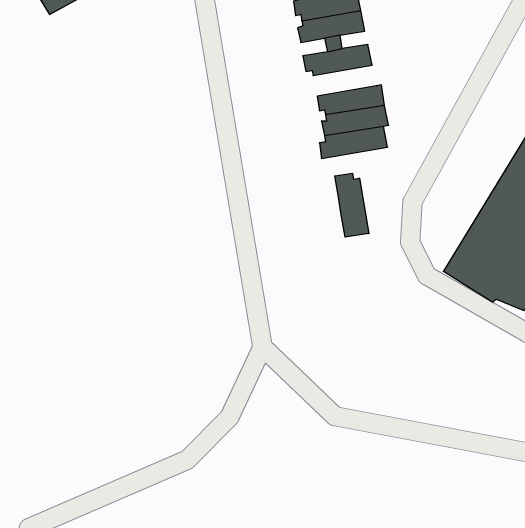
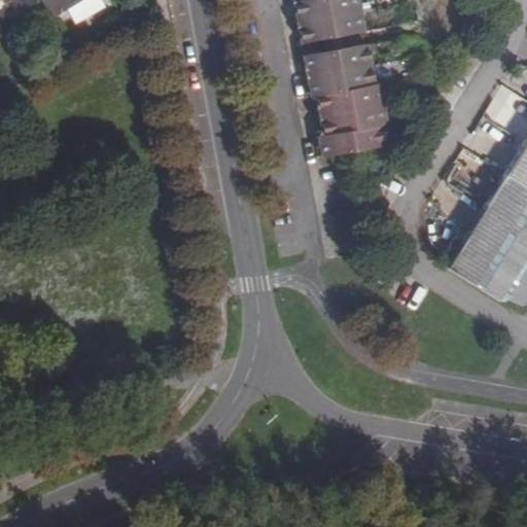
building: none -> [310,65,378,97]
building: [335,173,369,237] -> none

